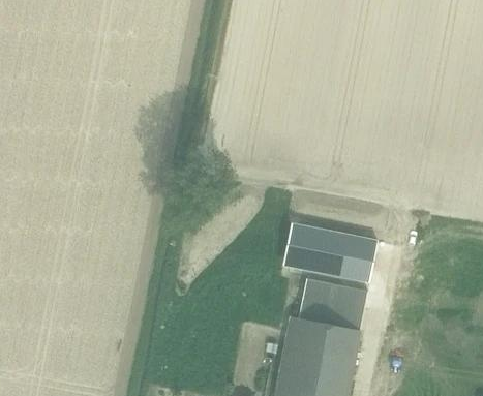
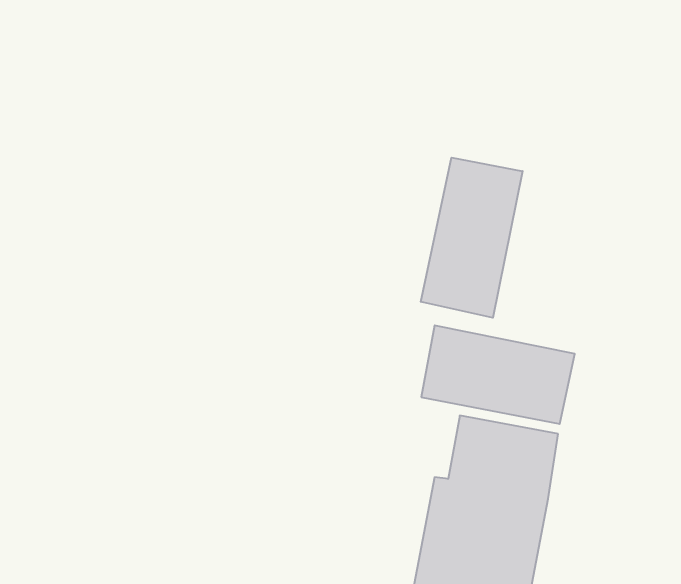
building: none -> [421,158,523,318]

